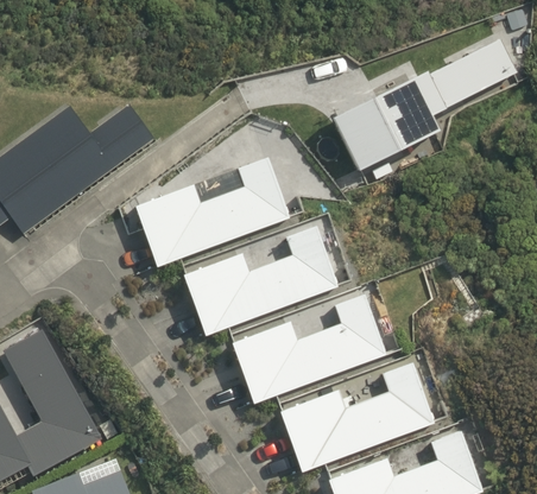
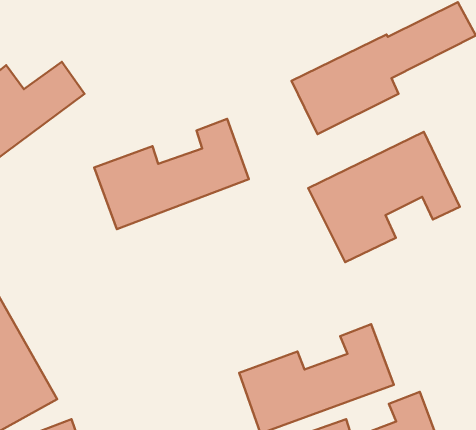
building: none -> [308,132,460,262]
building: [184,226,339,336] -> none
building: [233,293,387,404] -> none

